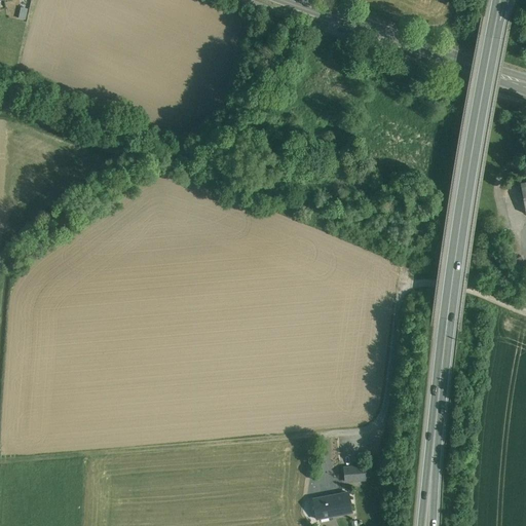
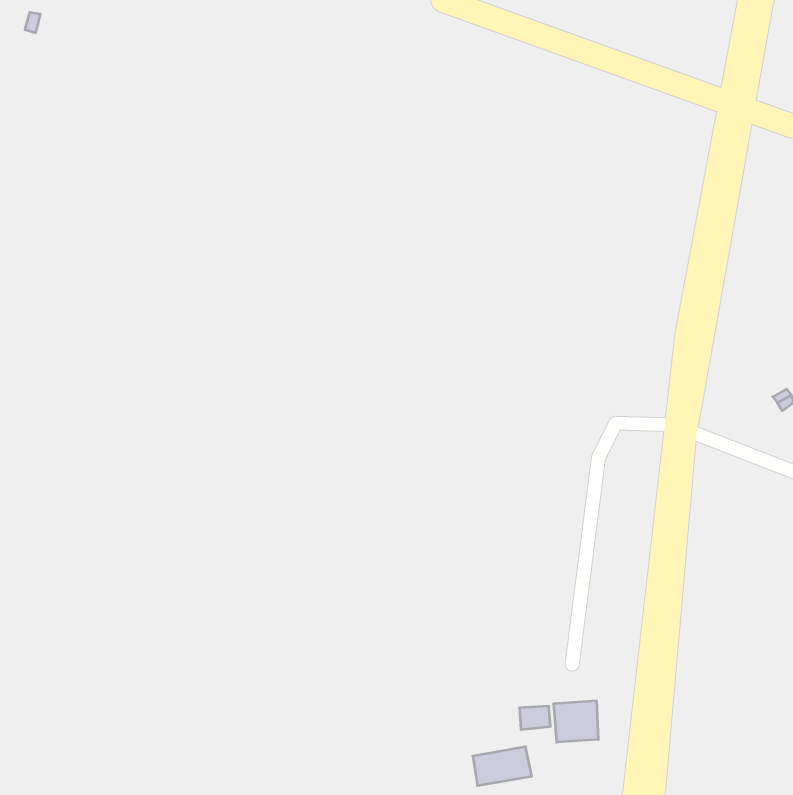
building: none -> [554,701,598,742]

